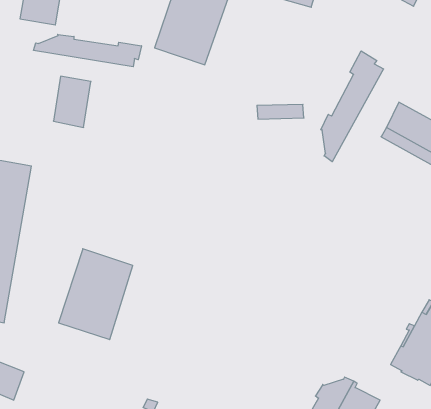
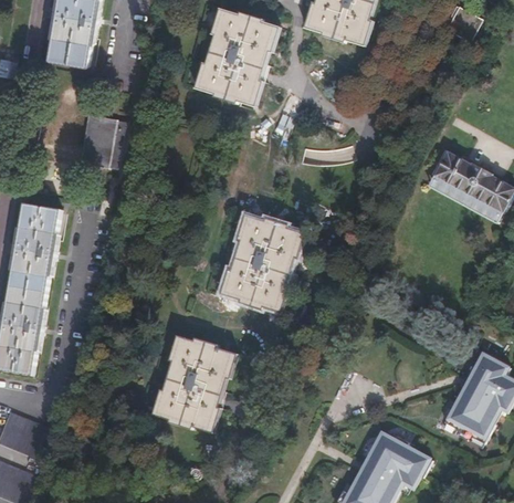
building: [34,34,141,67] -> none
building: [321,51,384,162] -> none
building: none -> [223,212,302,310]
building: [59,249,133,340] -> [154,333,232,429]

